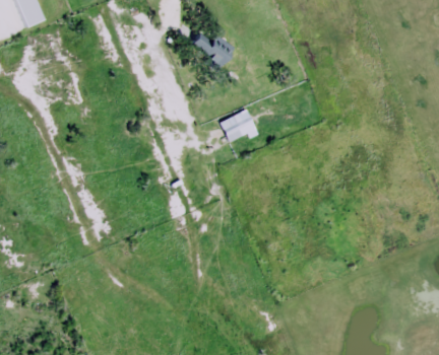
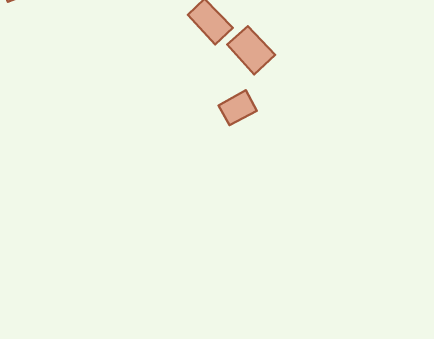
building: none -> [227,26,275,74]

